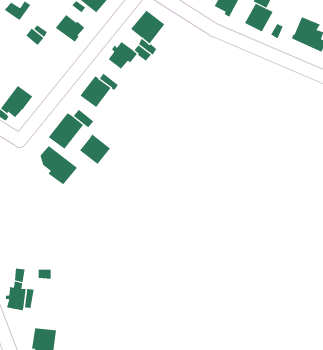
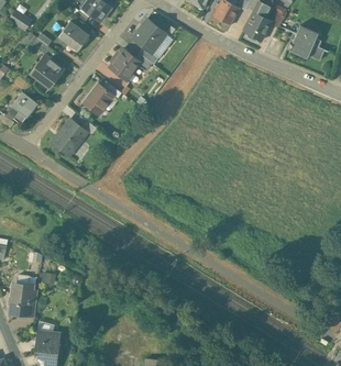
building: none -> [30,55,65,88]
building: [80,134,111,165] -> none
building: [40,145,78,185] -> none

